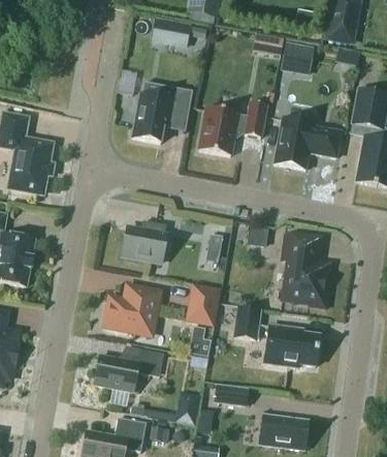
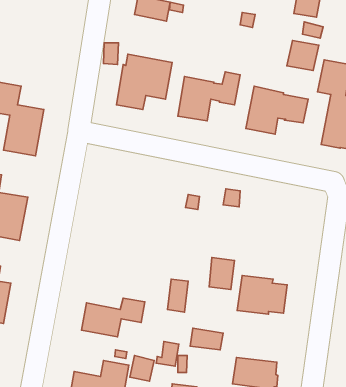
building: [279,41,314,74] -> [287,40,319,71]
building: [122,221,165,262] -> none
building: [281,233,328,308] -> none
building: [104,286,158,335] -> none
building: [187,286,218,325] -> none

